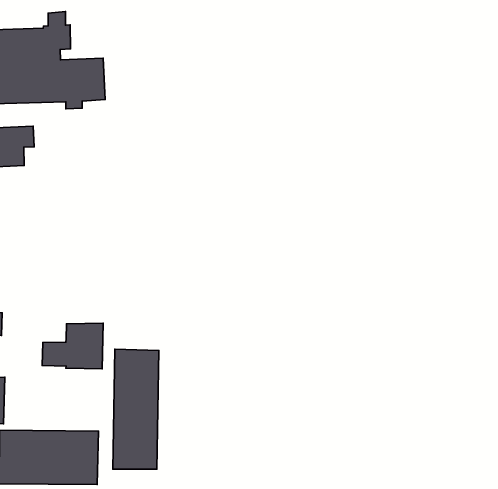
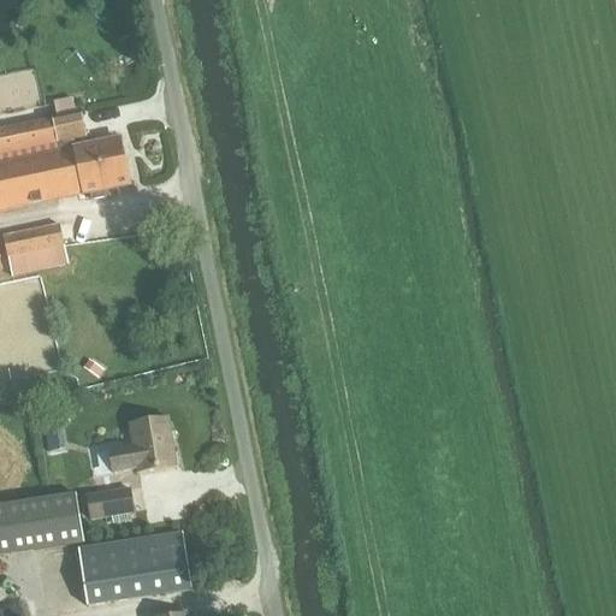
building: [113,349,159,469] -> none
building: none -> [87,487,131,521]

